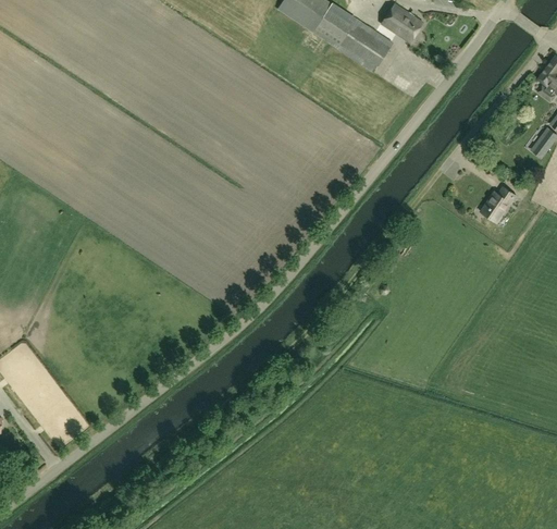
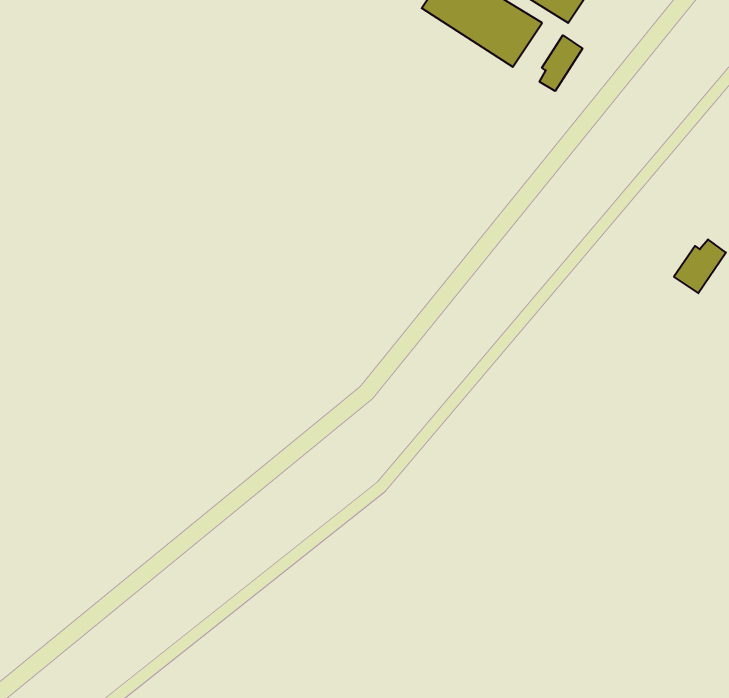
building: none -> [540,35,582,91]

